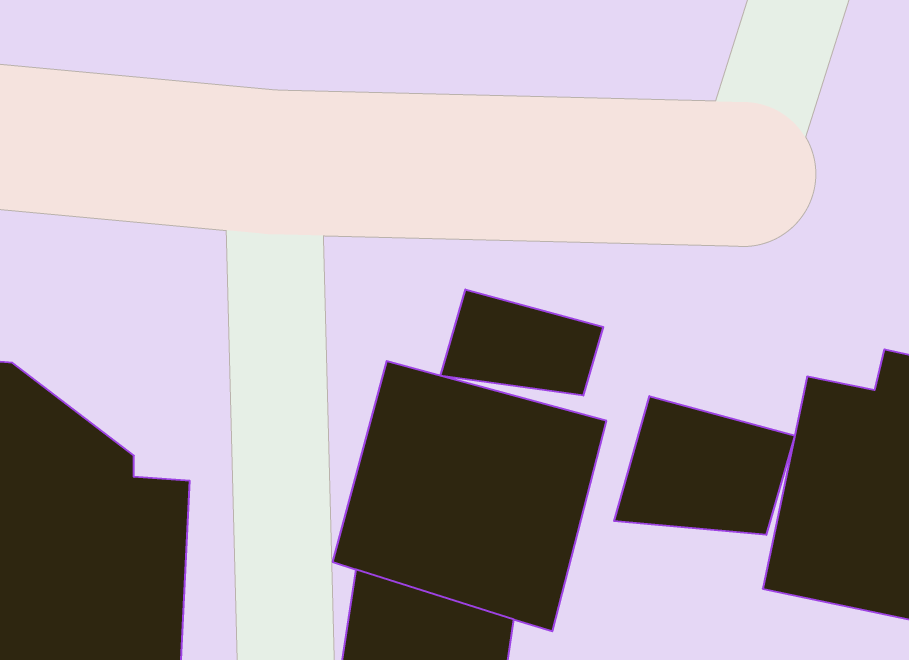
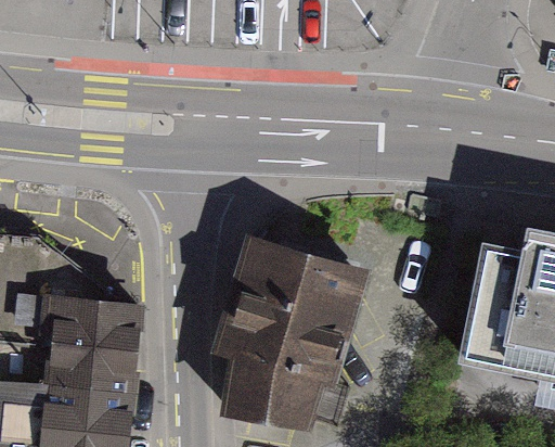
building: [441,289,603,396] -> none
building: [614,396,795,535] -> none

